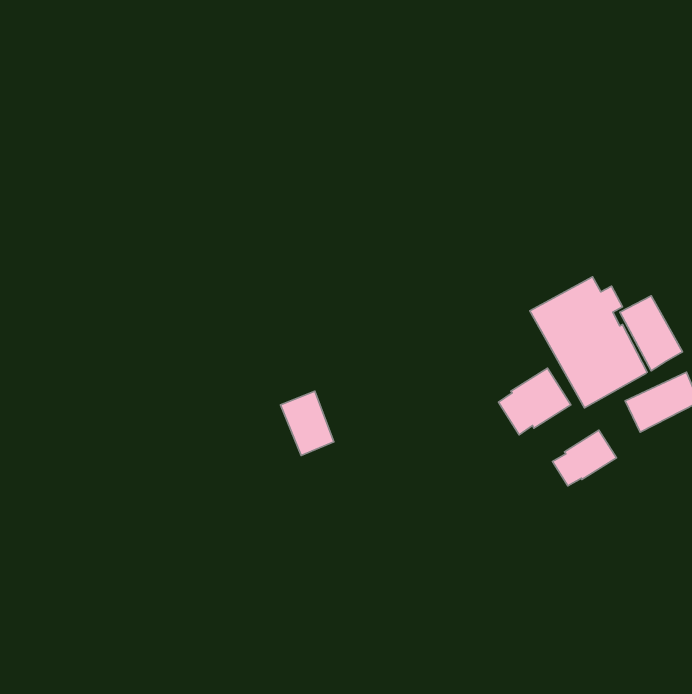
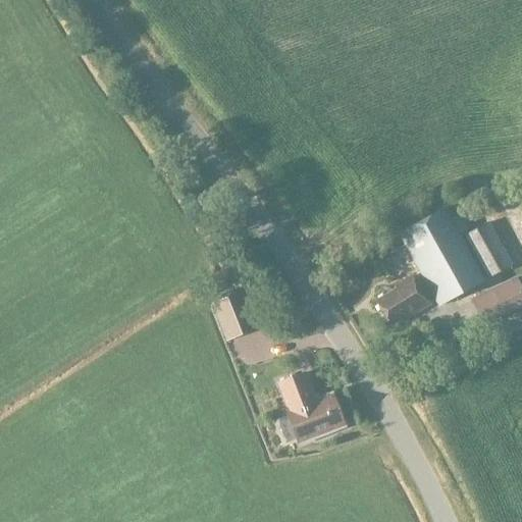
building: [552,430,616,486] -> none
building: none -> [280,372,346,441]

